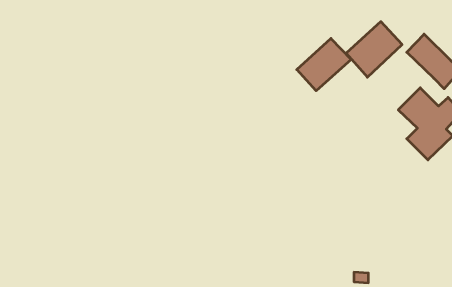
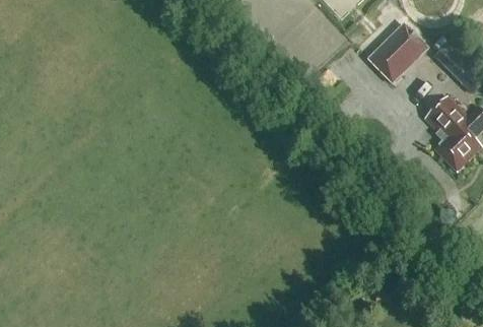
building: [297,38,351,91] -> none

